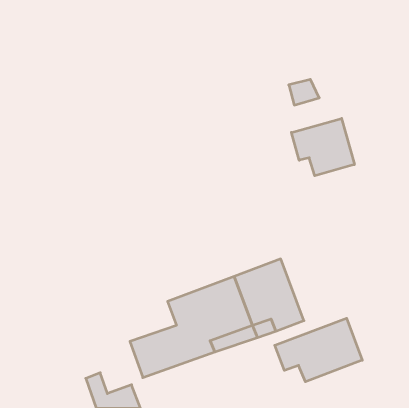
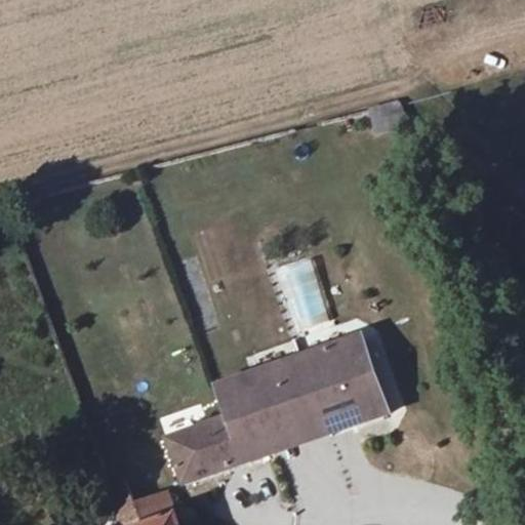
building: [291,118,354,176] -> none
building: [275,318,362,382] -> none

